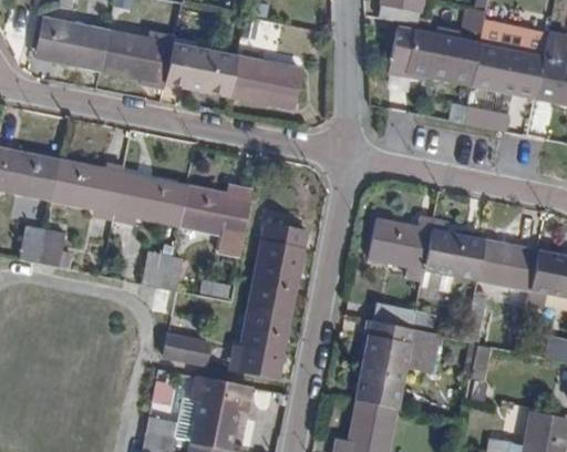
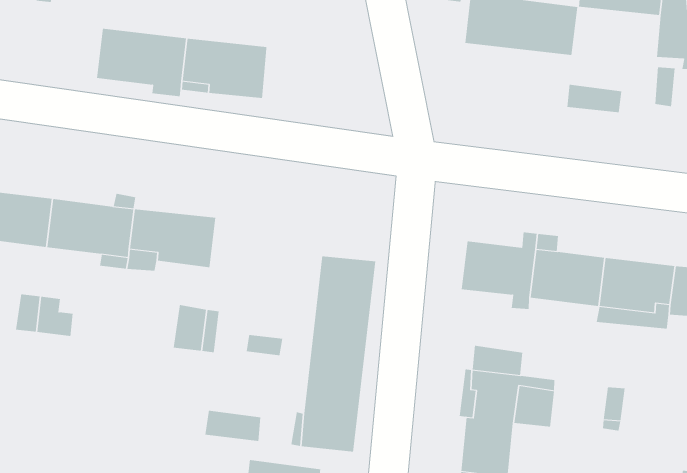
building: [37,18,109,70] -> none
building: [473,45,544,92] -> none
building: [229,56,300,105] -> none
building: [177,186,251,255] -> none

